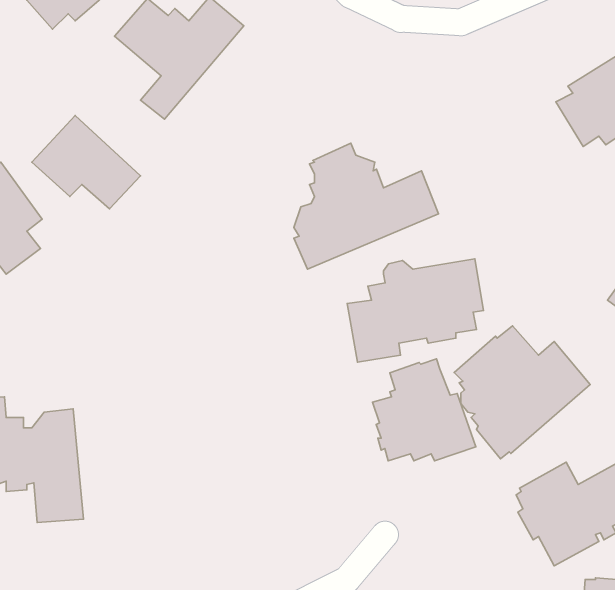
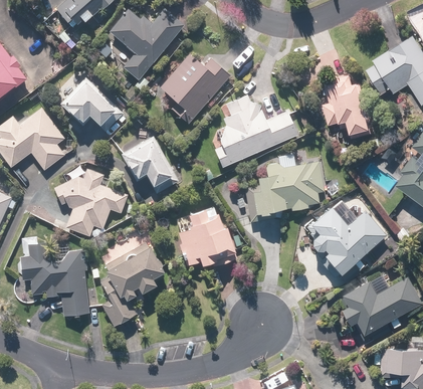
building: none -> [160,54,230,124]
building: none -> [324,75,371,139]
building: none -> [120,136,179,193]
building: none -> [53,168,128,236]
building: [373,359,476,461] -> [177,206,237,265]
building: none -> [98,241,164,326]

